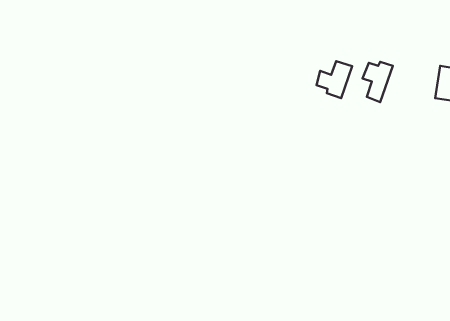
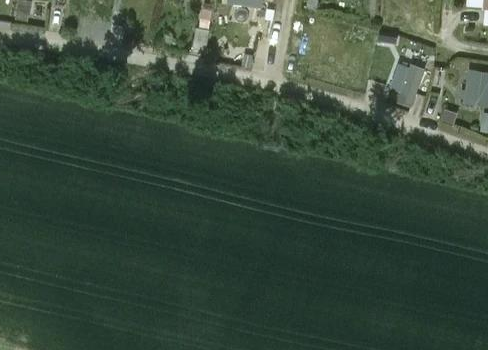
building: [316,61,352,98] -> none

